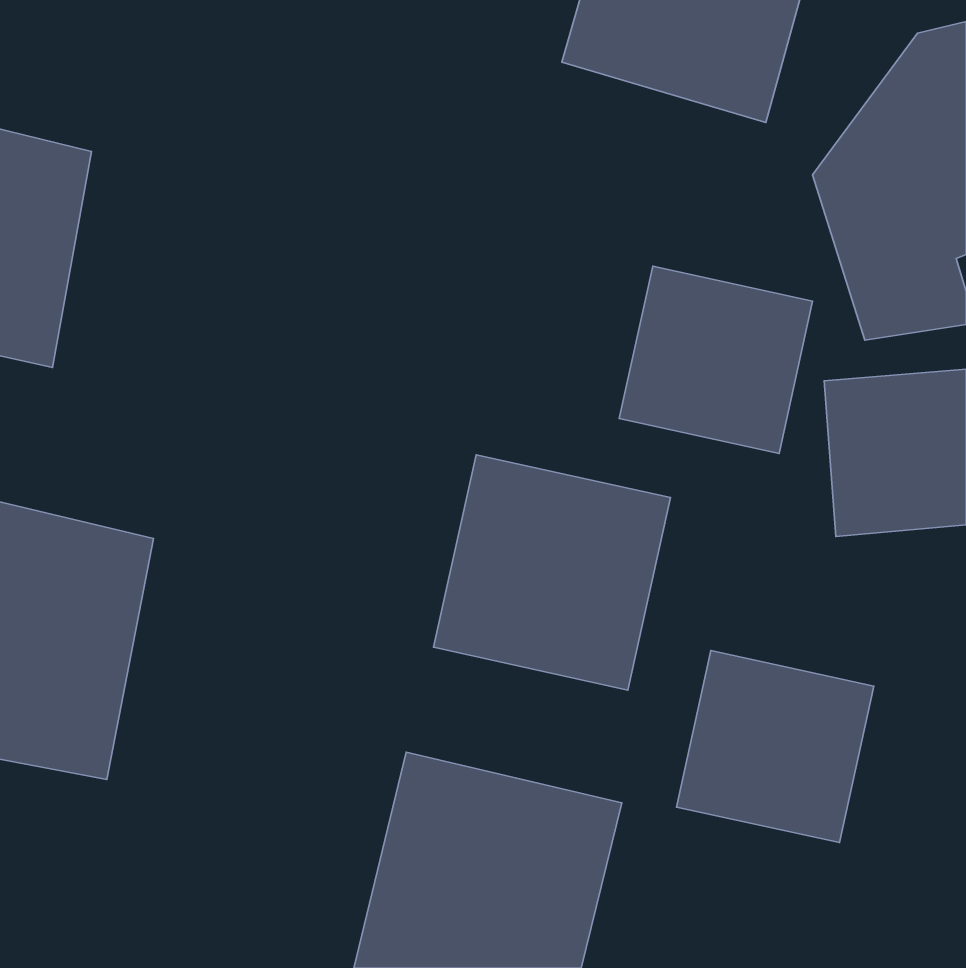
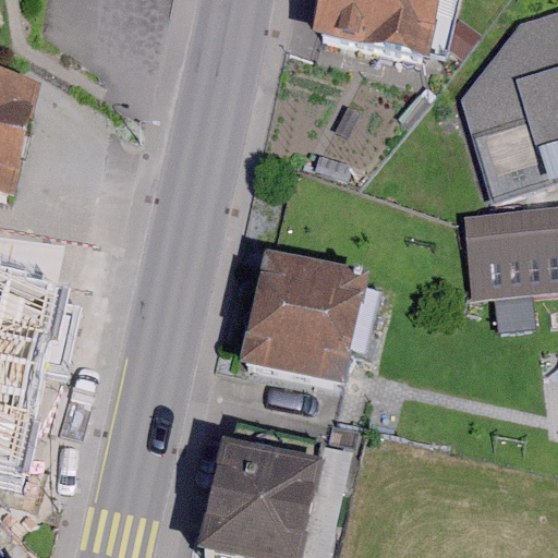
building: [619,266,813,453] -> none
building: [676,651,874,843] -> none

